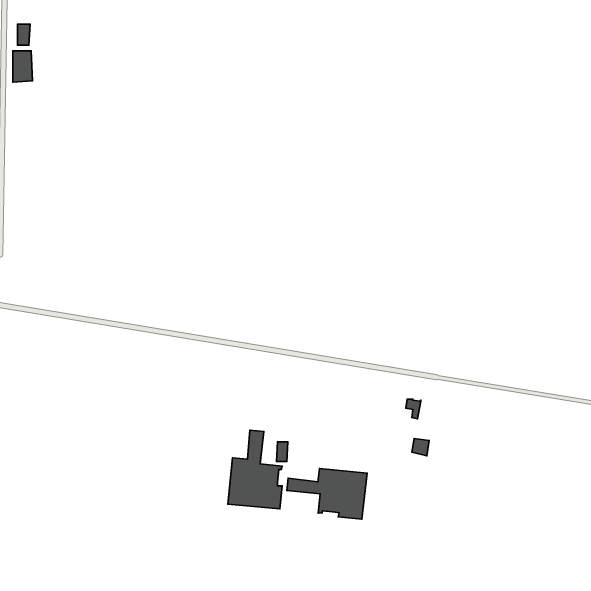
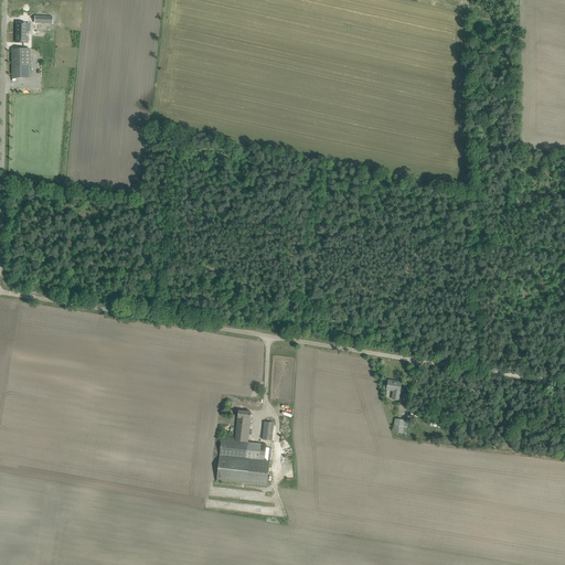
building: [287,468,367,519] -> none

